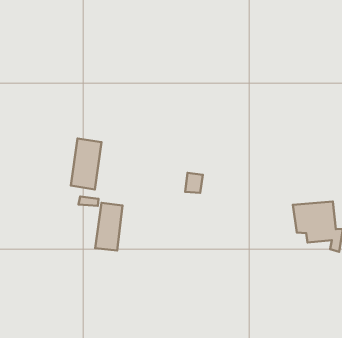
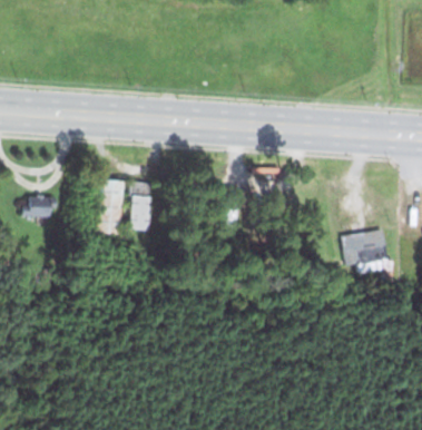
building: none -> [22,196,57,214]
building: [95,203,123,251] -> [127,182,154,233]

